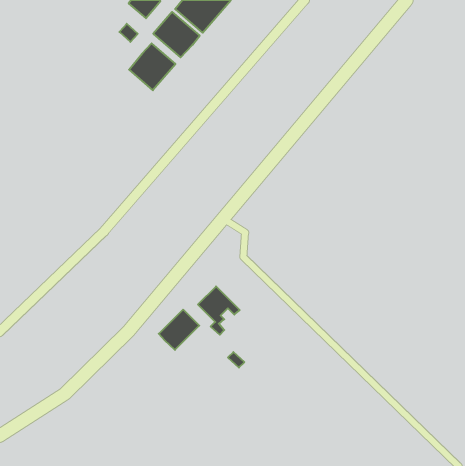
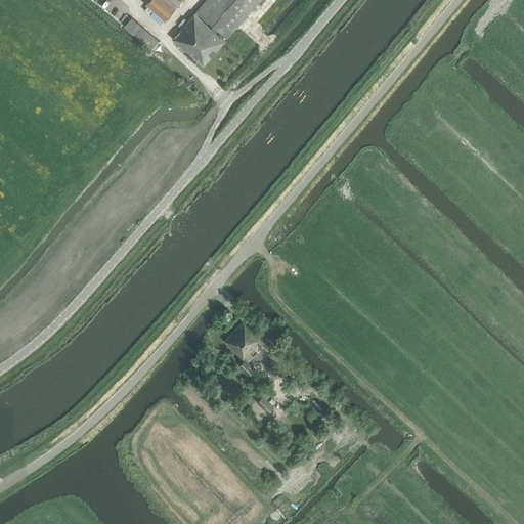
building: [129,43,175,90] -> none
building: [159,310,199,350] -> none

